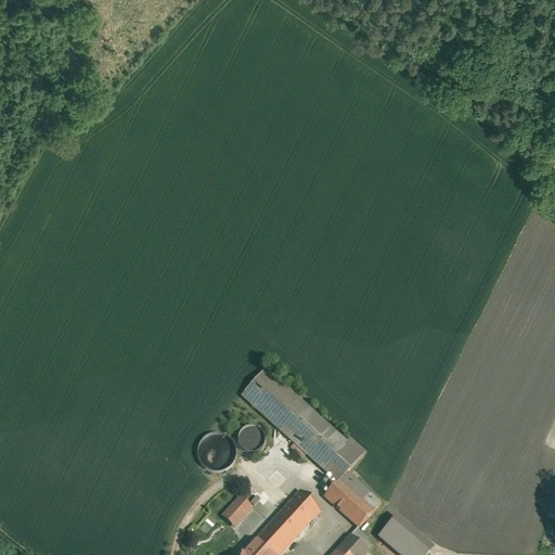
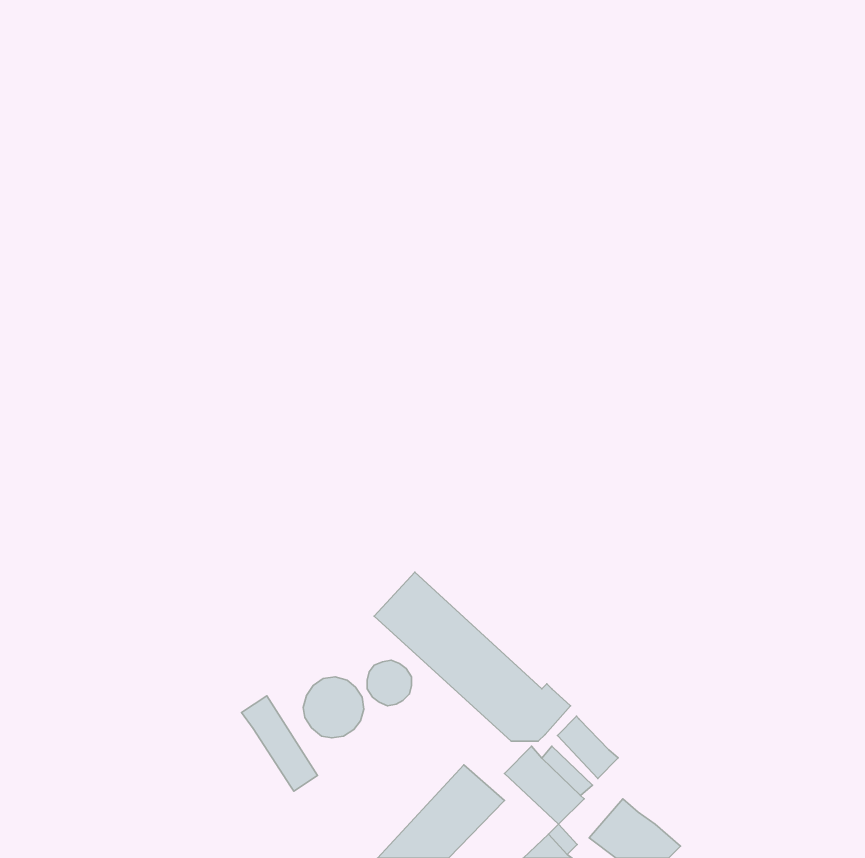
building: none -> [242,696,318,791]
building: none -> [557,716,618,778]
building: [219,494,254,528] -> none

